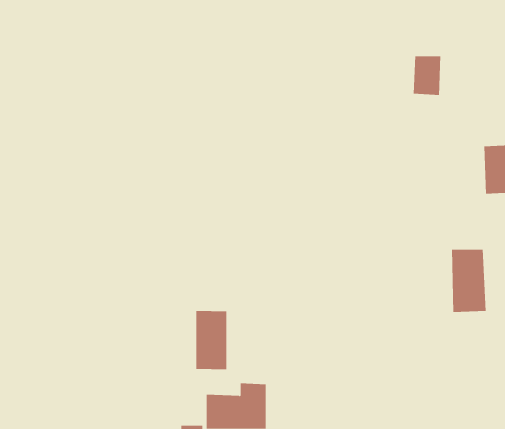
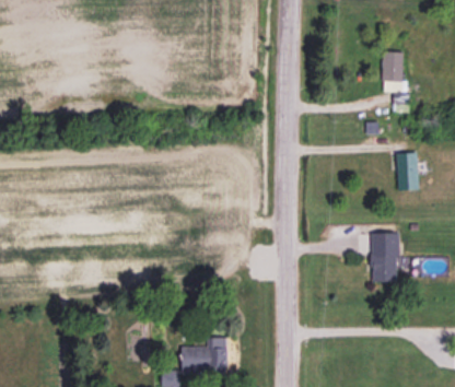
building: [413,56,441,95] -> [381,51,402,82]
building: [196,310,227,370] -> none

